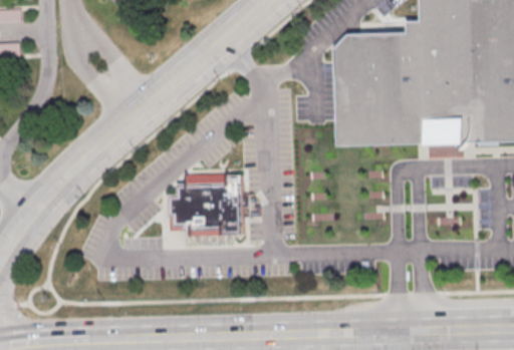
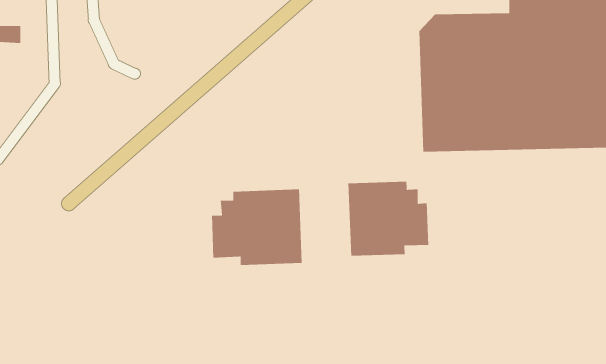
building: none -> [348,181,429,257]

